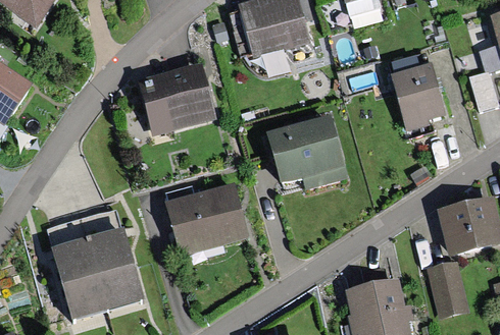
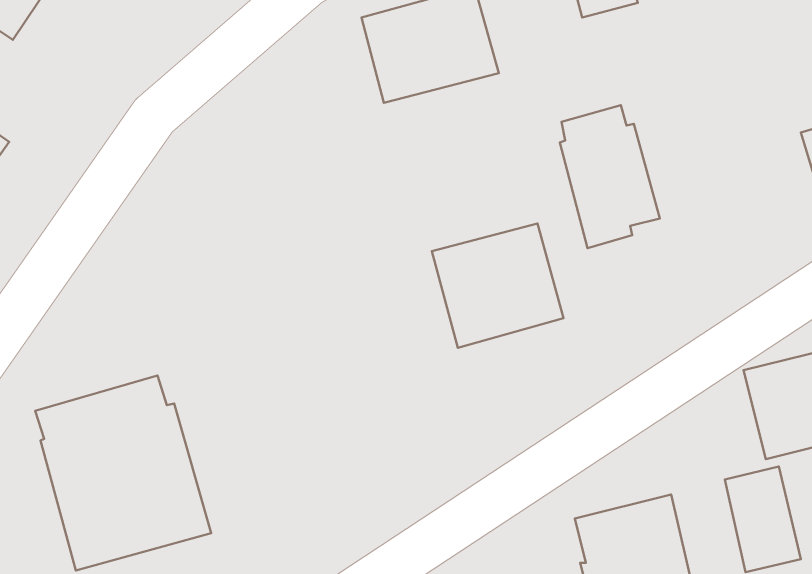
building: [392,52,447,130] -> [560,105,660,248]
building: [139,64,215,133] -> none
building: [165,184,248,256] -> none

